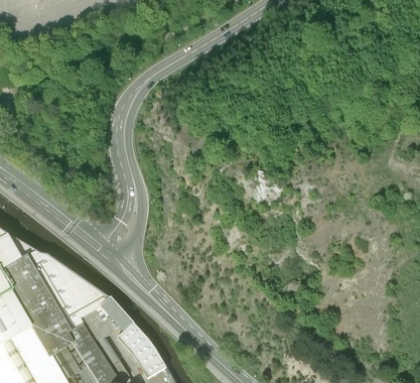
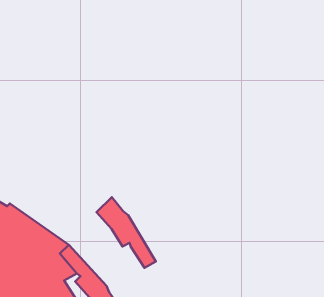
building: none -> [97,197,156,268]

